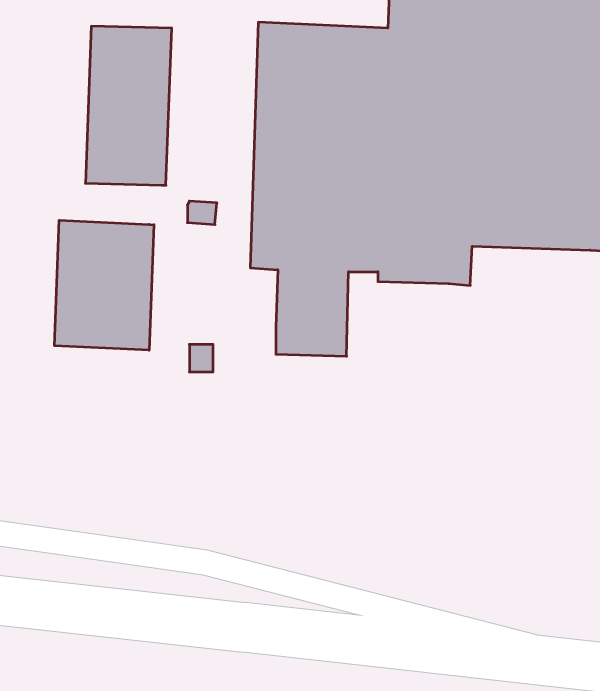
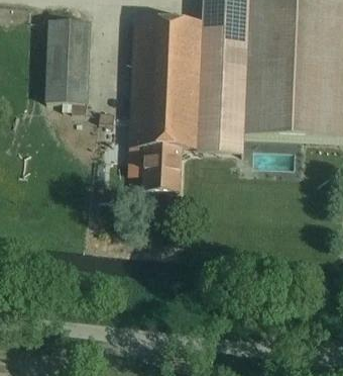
building: [55,220,154,350] -> none

